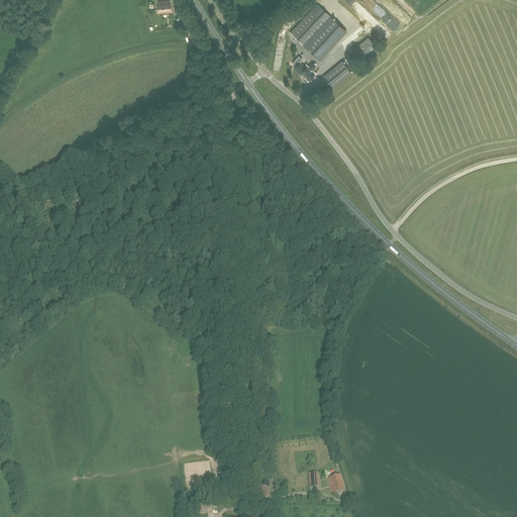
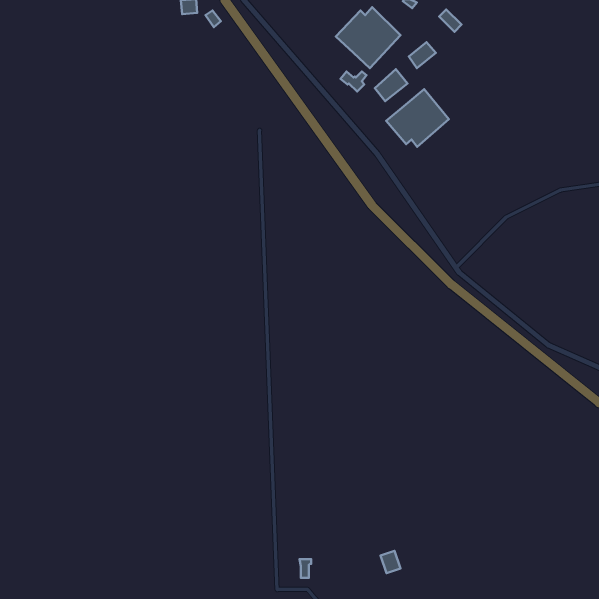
building: none -> [386,89,449,147]

